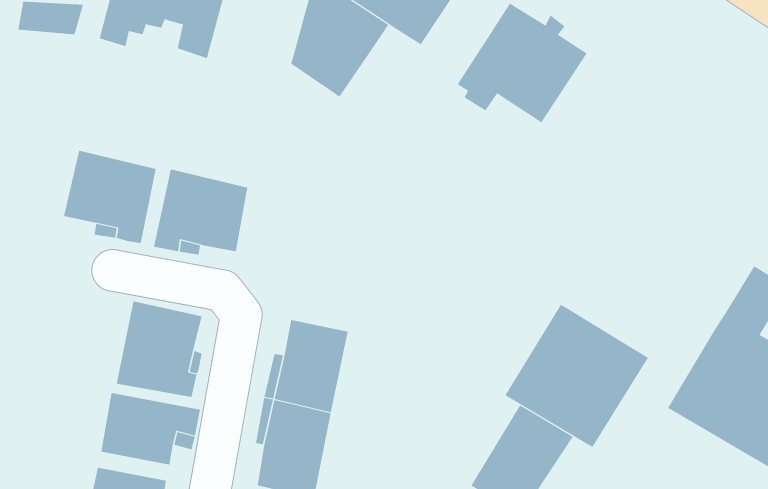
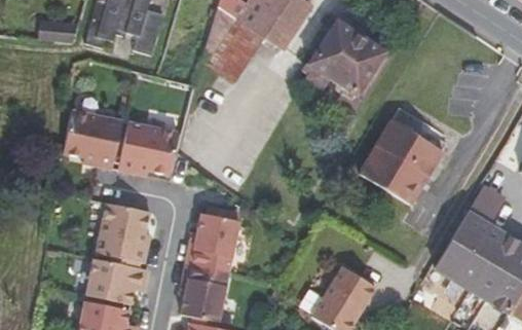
building: [505,304,649,448] -> [359,117,446,205]

